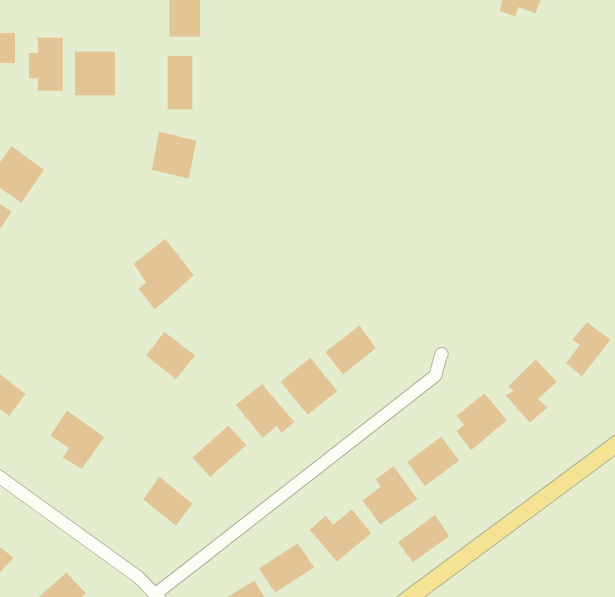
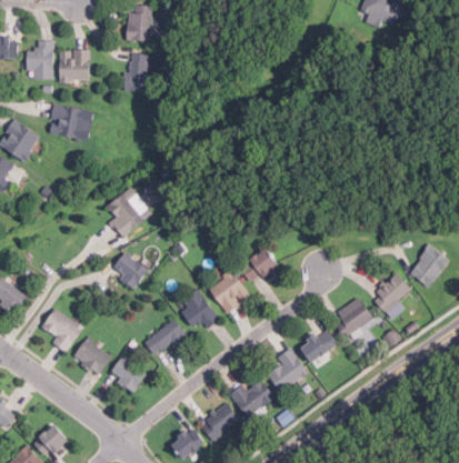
building: [151,131,197,179] -> [49,104,82,139]
building: none -> [73,339,111,375]
building: [397,514,450,563] -> none

